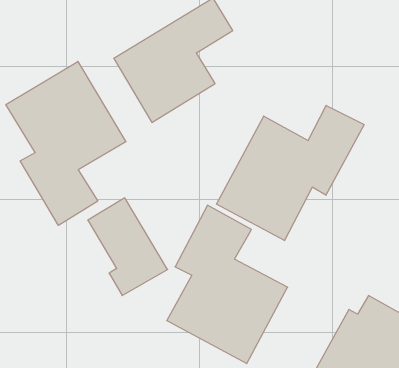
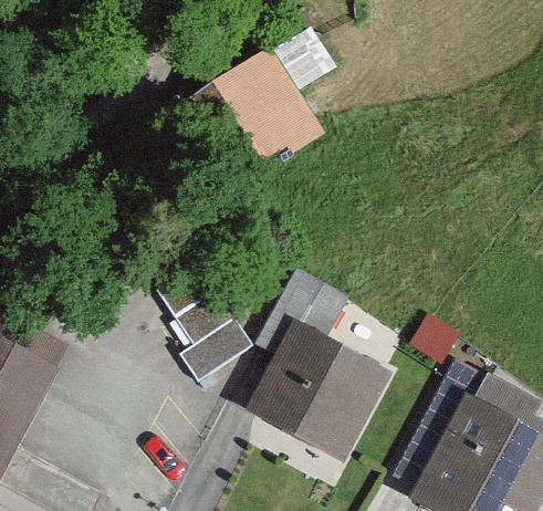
building: [6,61,126,225] -> none
building: [217,105,364,241] -> none

